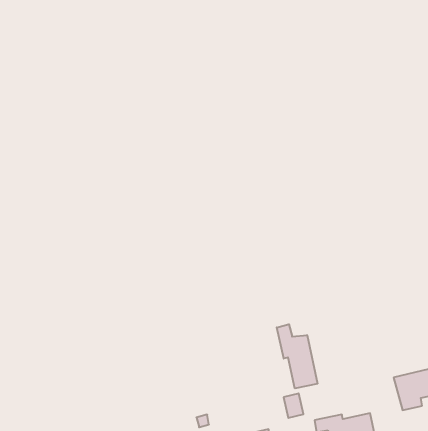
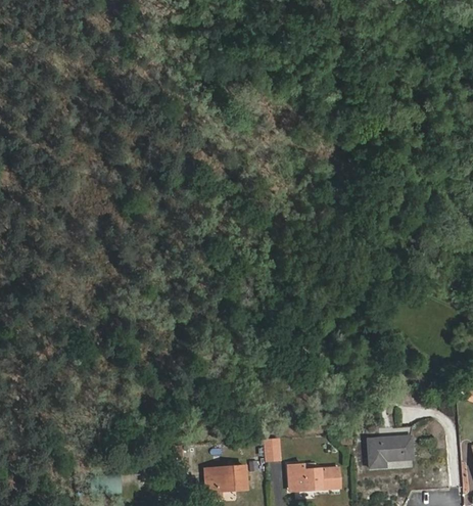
building: [277,324,317,388] -> none

